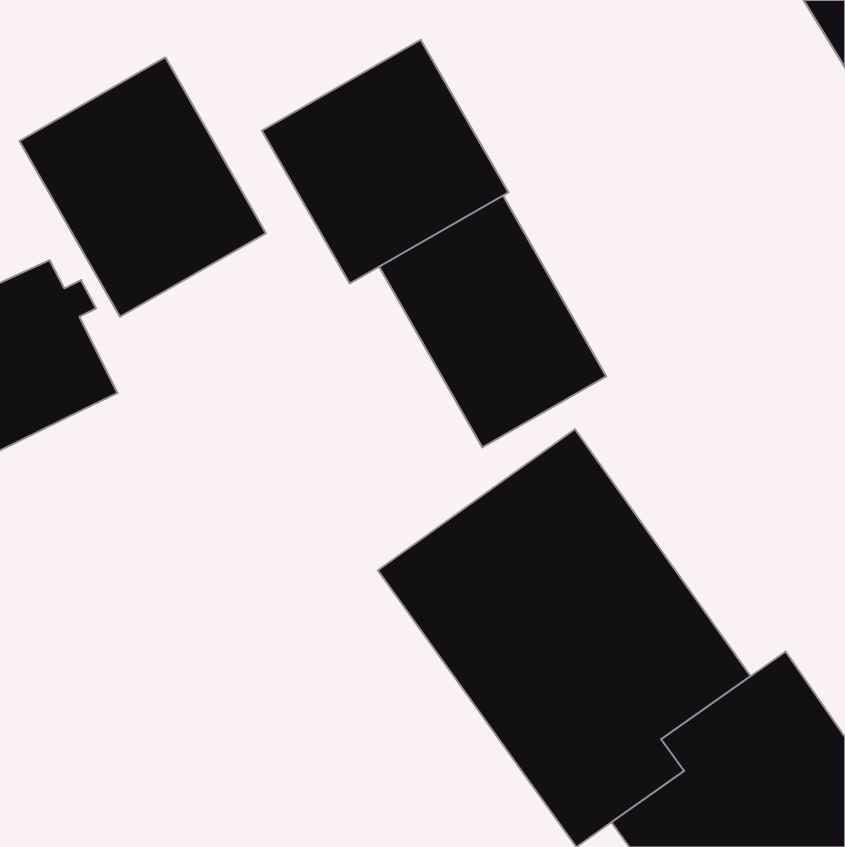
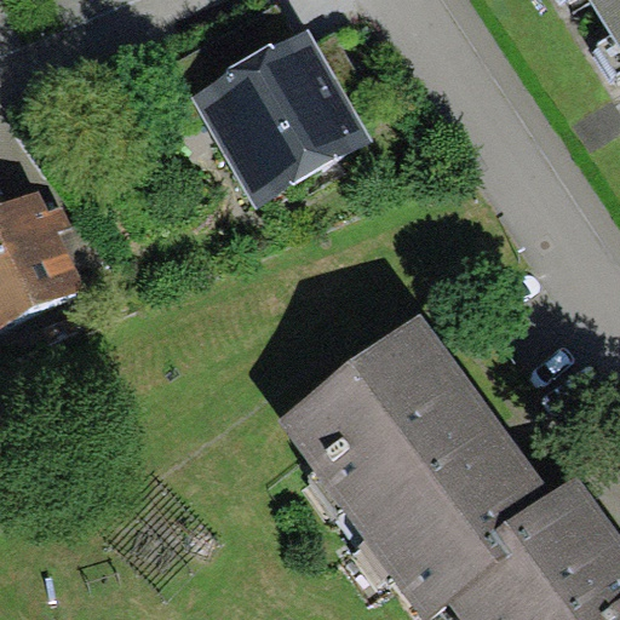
building: [20,57,266,317] -> none
building: [379,196,606,448] -> none

